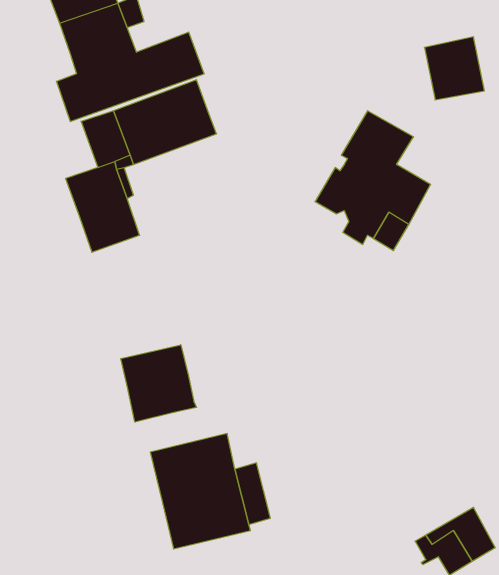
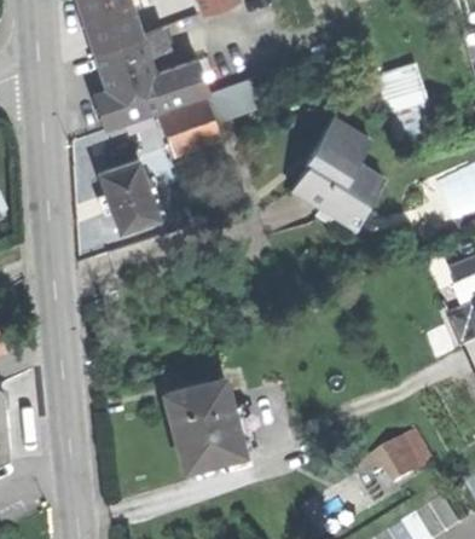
building: none -> [201,80,256,120]
building: [121,345,197,422] -> none

